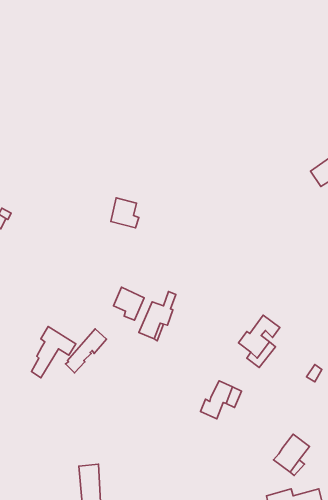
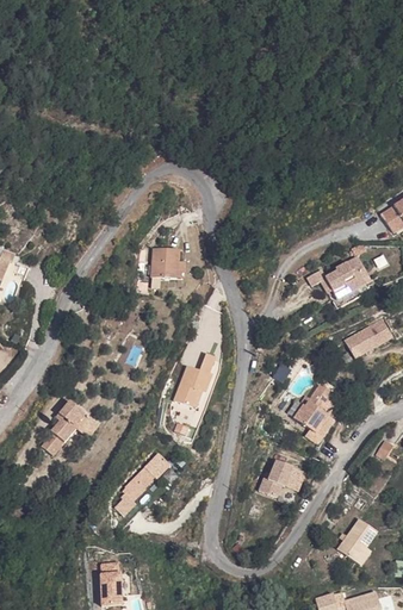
building: none -> [300,254,364,299]
building: none -> [340,318,389,359]
building: [114,287,144,320] -> none
building: [65,329,107,373] -> [123,453,170,504]

